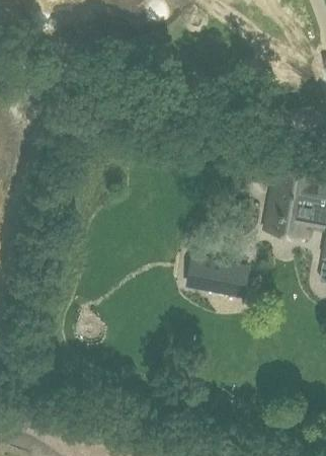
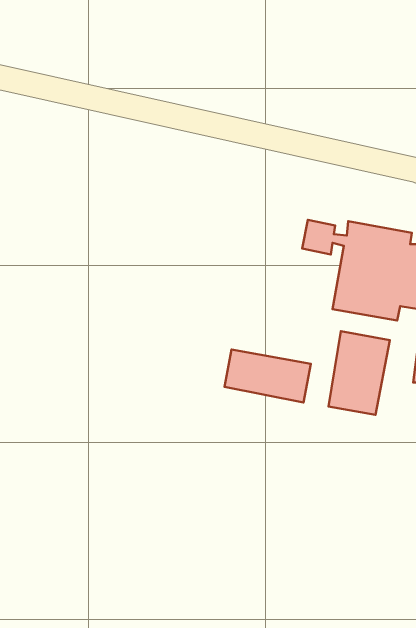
building: none -> [328,331,390,415]

